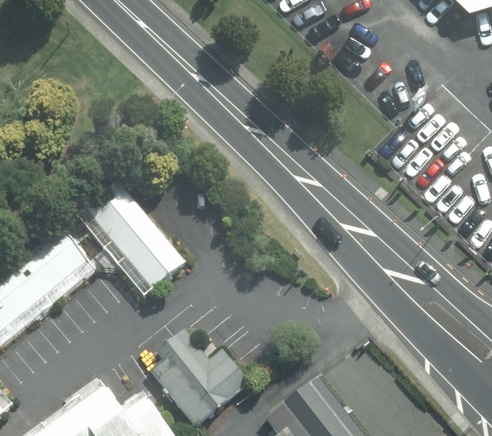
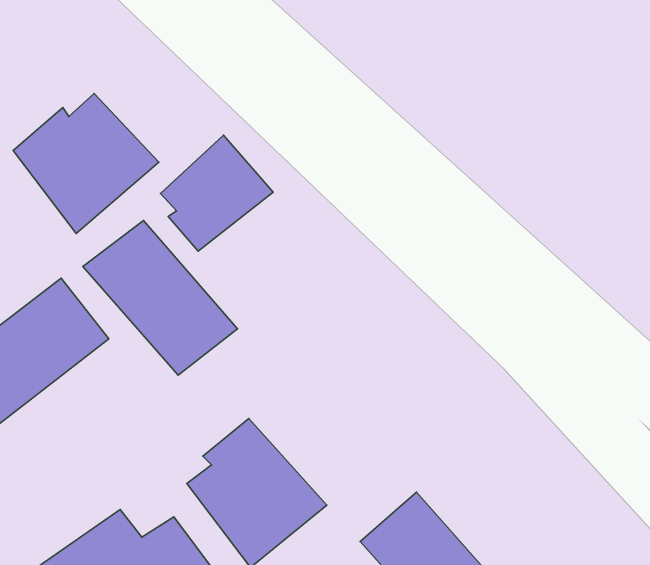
building: none -> [13,94,159,234]
building: none -> [160,135,273,251]

